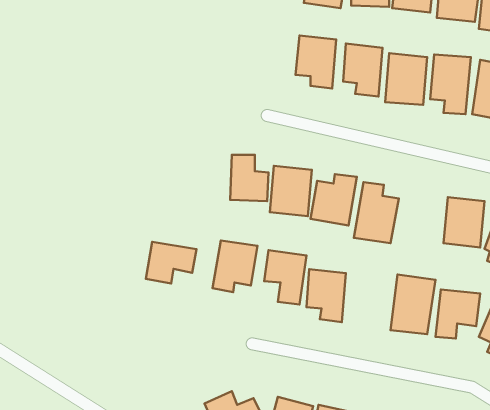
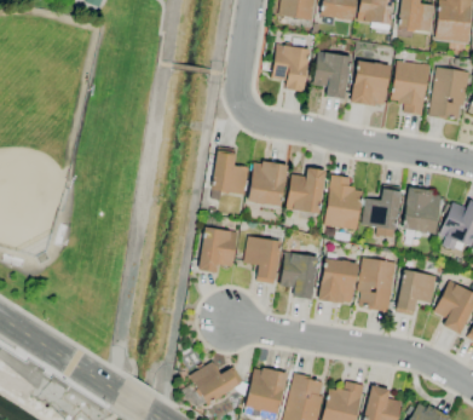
building: none -> [362,189,400,238]
building: [146,242,197,283] -> none
building: none -> [319,259,358,305]

